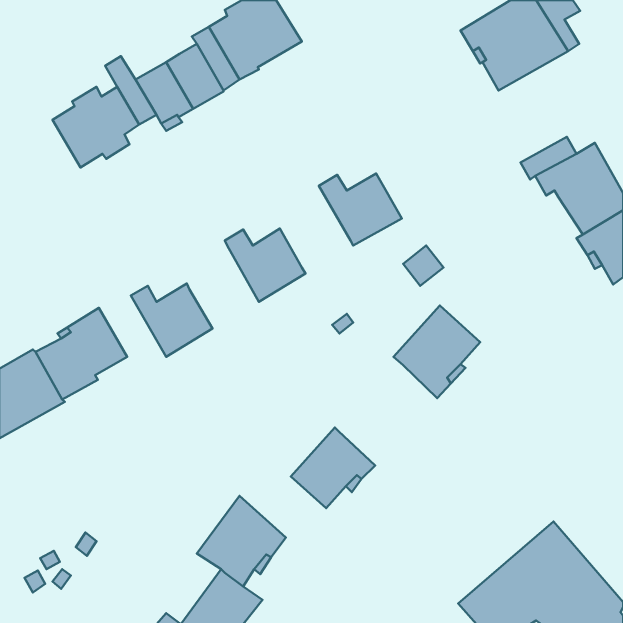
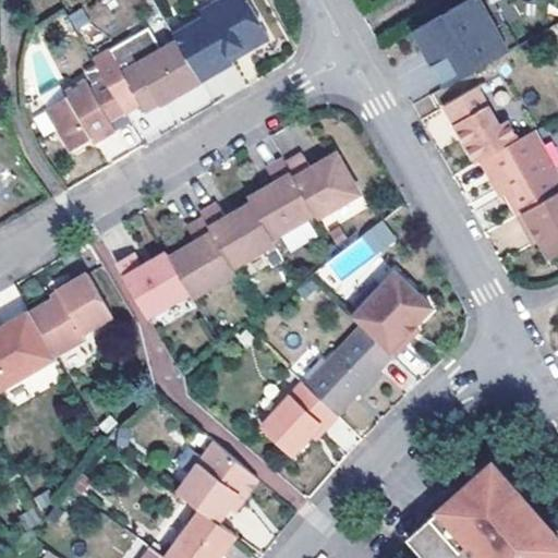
building: none -> [108,27,160,72]
building: none -> [441,86,506,146]
building: none -> [246,160,313,240]
building: none -> [169,220,233,300]
building: none -> [302,327,390,416]

